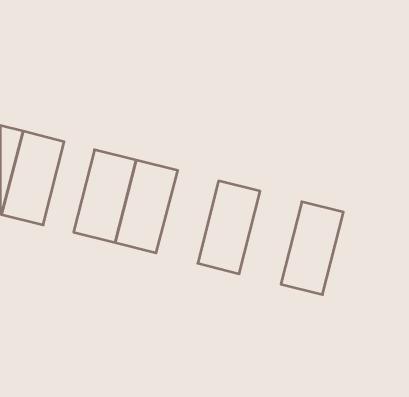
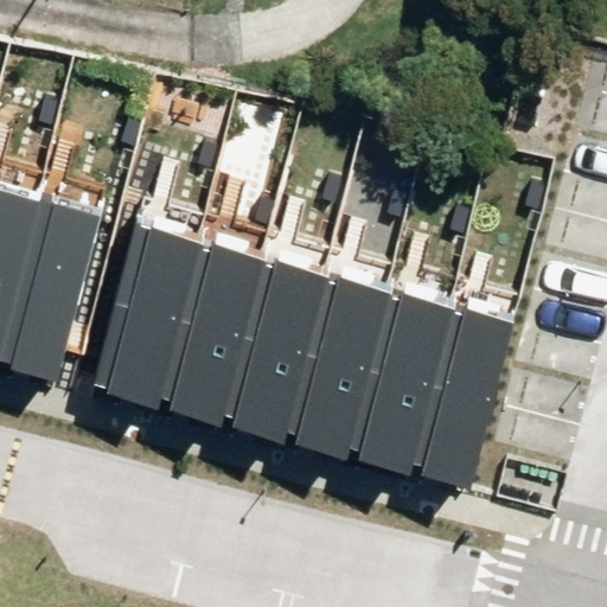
building: none -> [231,270,324,408]
building: none -> [354,301,447,439]

